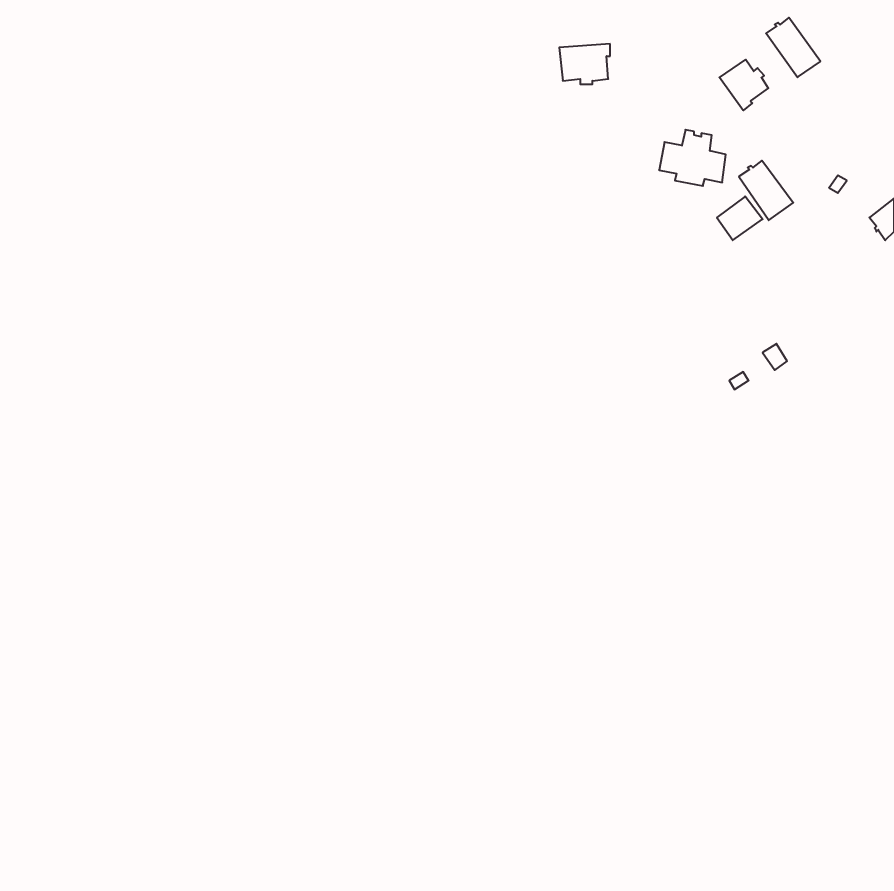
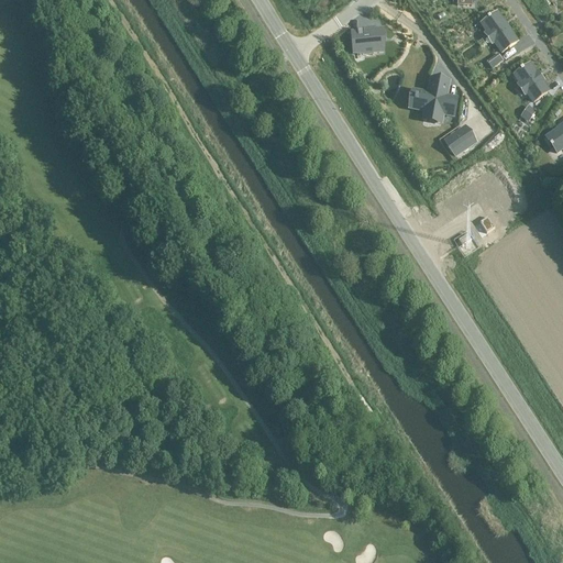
building: [719,60,768,110] -> none
building: [739,161,793,220] -> [514,63,548,100]

